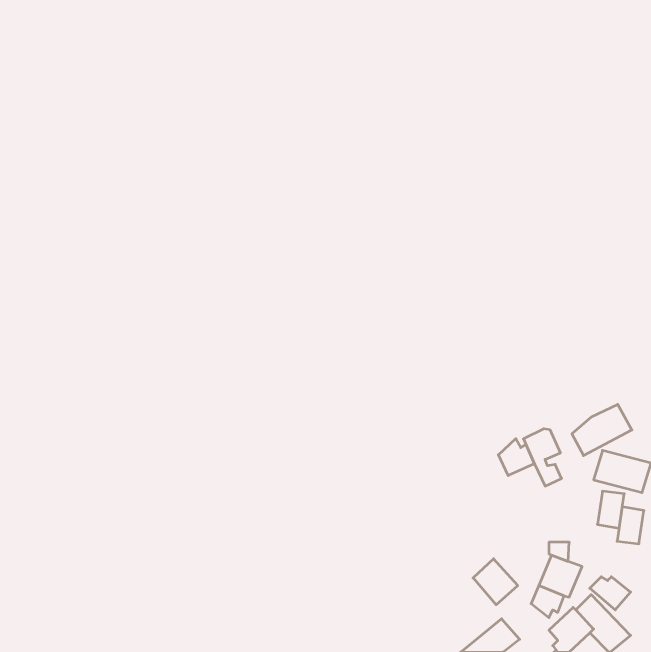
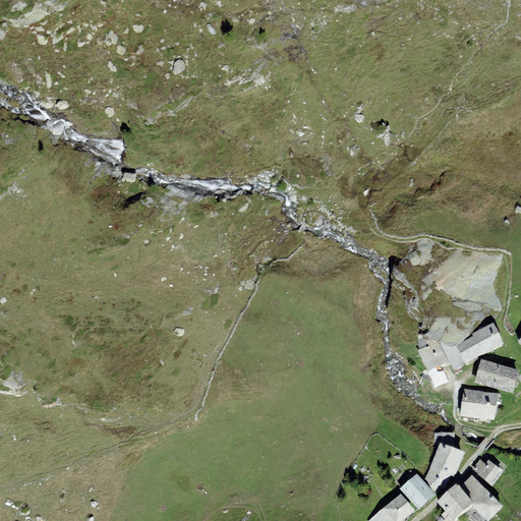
building: [498,439,534,476] -> none
building: [617,507,644,544] -> [459,389,480,418]
building: [473,559,518,605] -> [399,473,435,510]

